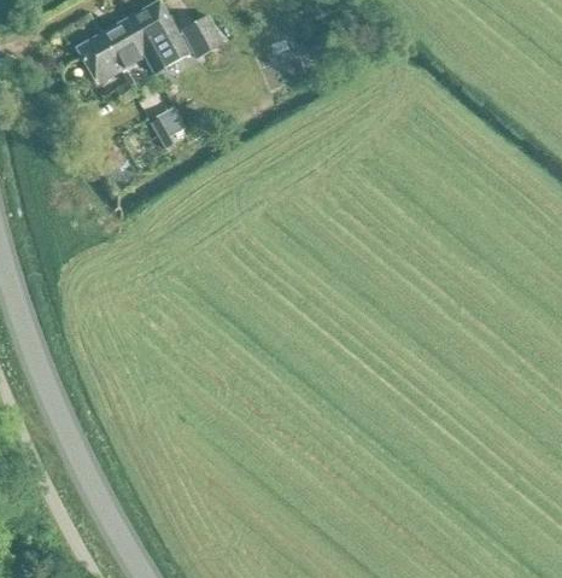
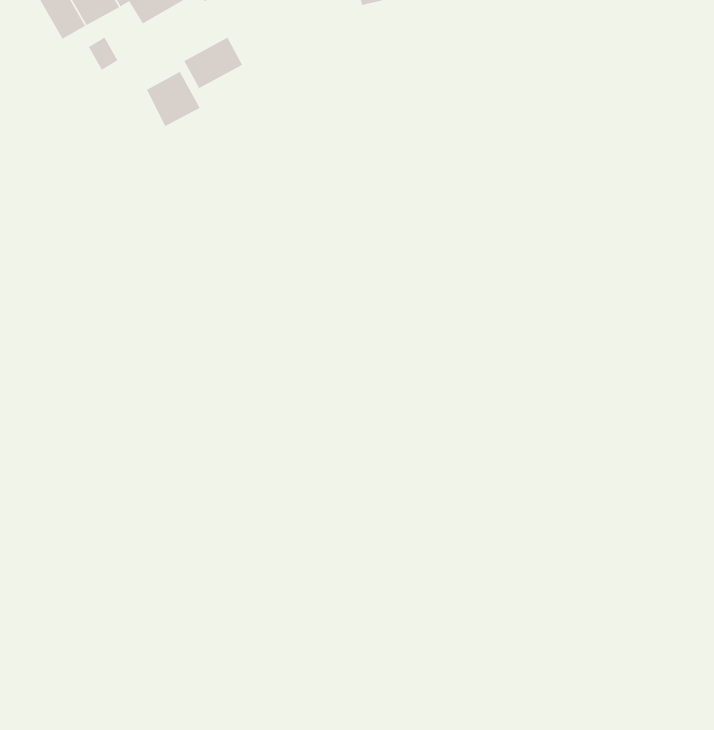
building: none -> [183,37,243,89]

